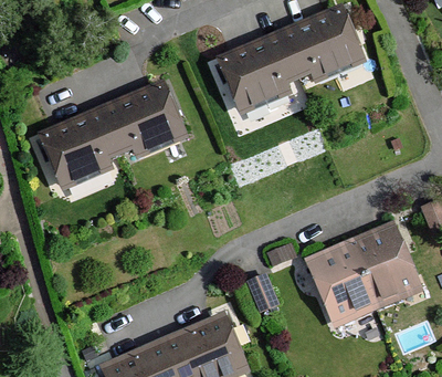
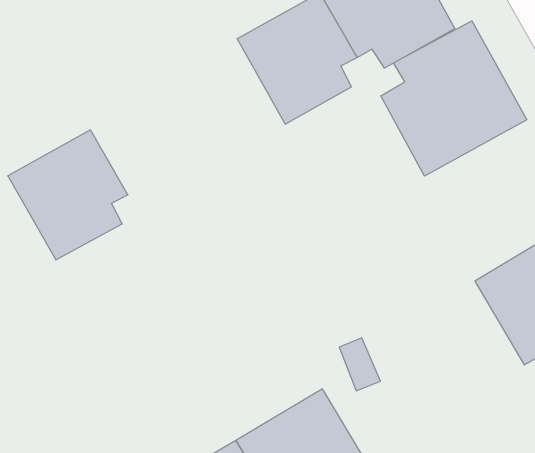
building: none -> [381,21,527,176]
building: [98,78,189,163] -> none
building: [304,245,378,328] -> none

